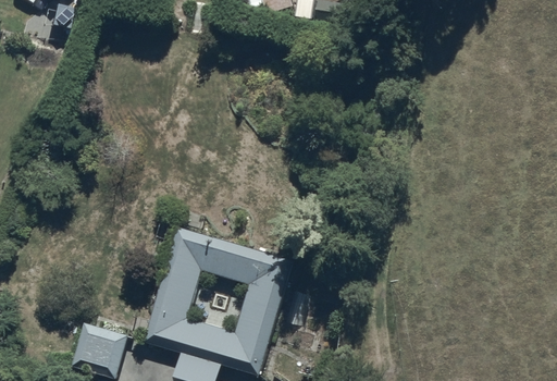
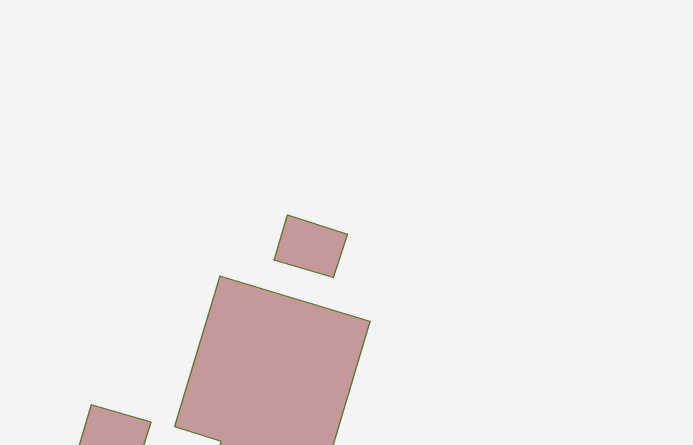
building: none -> [274,215,347,278]

